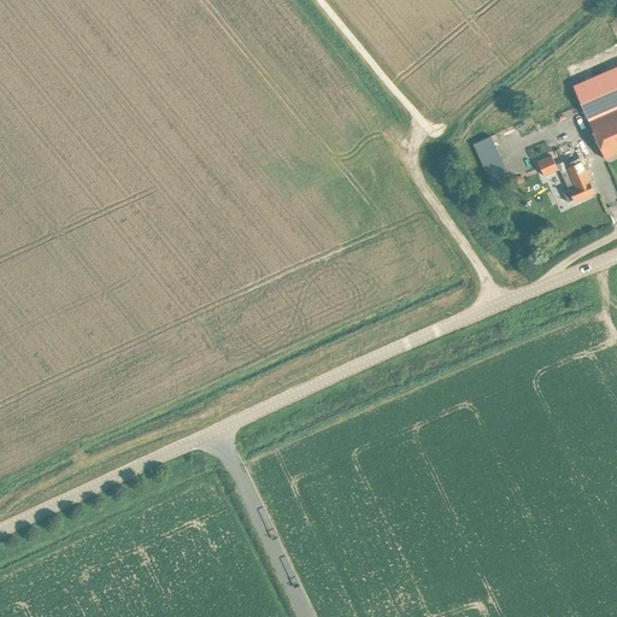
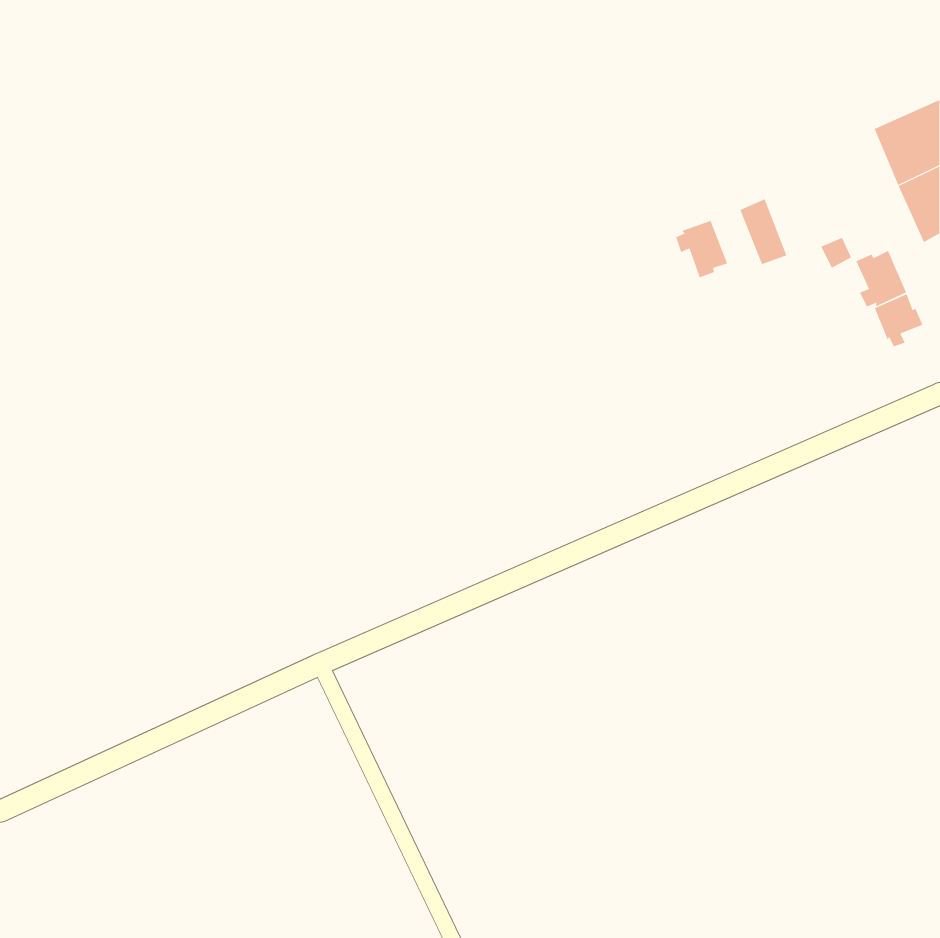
building: none -> [675,220,728,278]
building: none -> [874,294,923,347]

